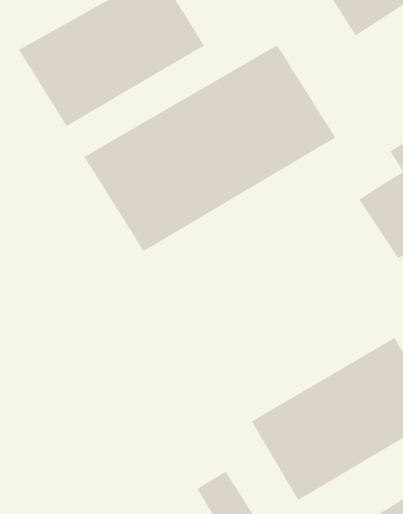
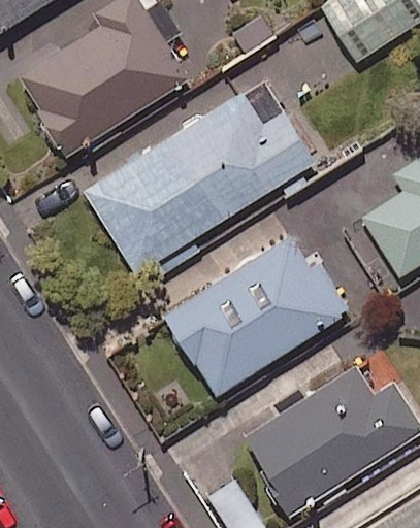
building: none -> [172,234,358,396]

